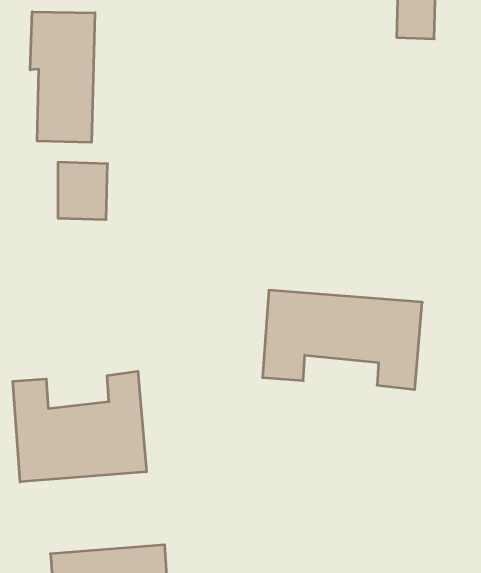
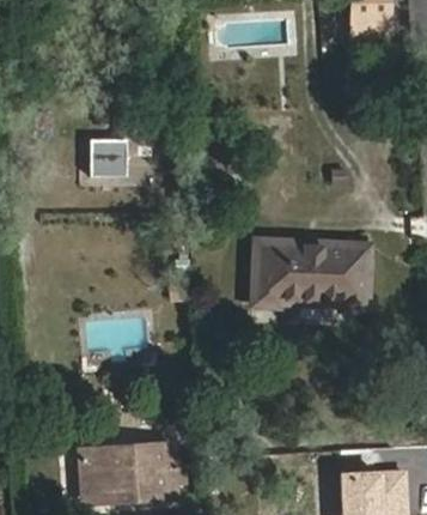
building: [30,12,95,142] -> none
building: [13,371,146,482] -> none

